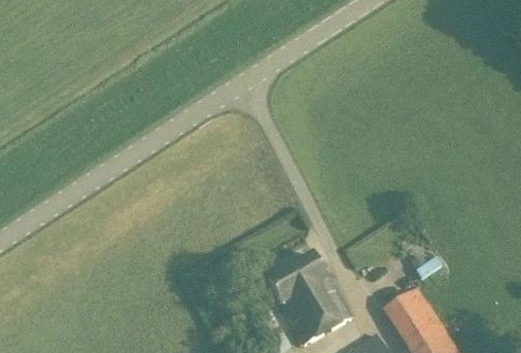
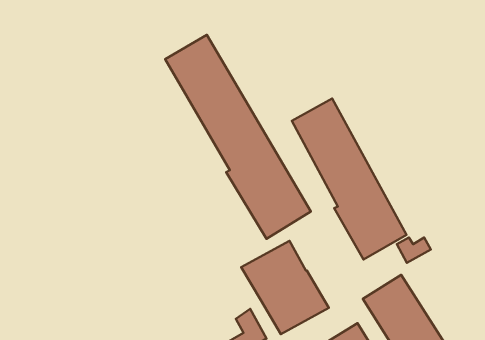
building: none -> [165,35,311,239]
building: none -> [292,99,407,259]

